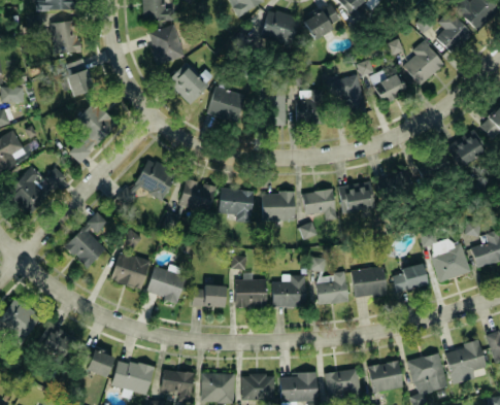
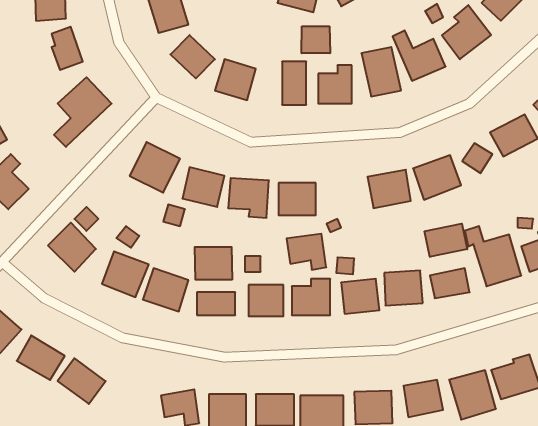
building: none -> [302,26,330,53]
building: [302,189,336,220] -> [287,234,326,270]
building: none -> [425,224,467,257]
building: none -> [195,247,232,280]
building: [110,358,153,394] -> none

